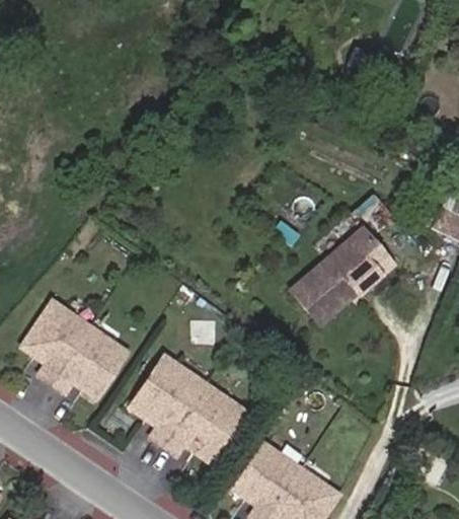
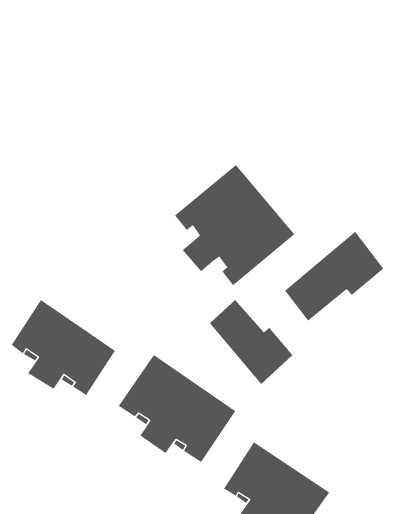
building: none -> [174,164,295,286]
building: none -> [209,299,293,385]

